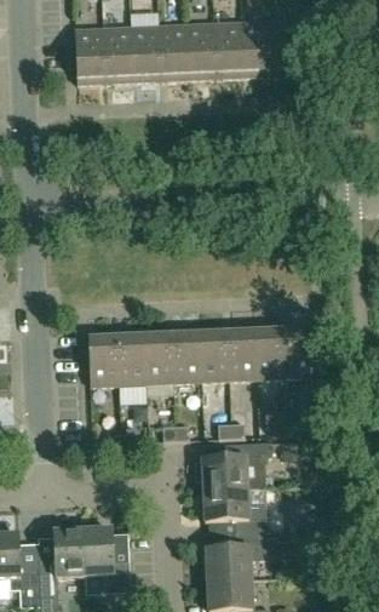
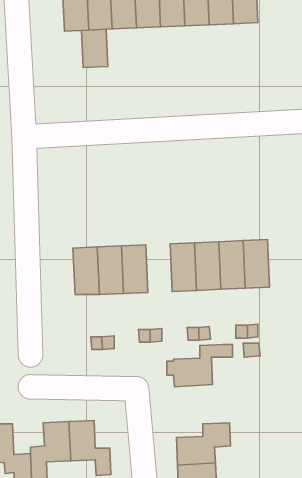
building: none -> [82,29,108,68]
building: [171,327,201,383] -> none
building: [203,487,266,533] -> none

